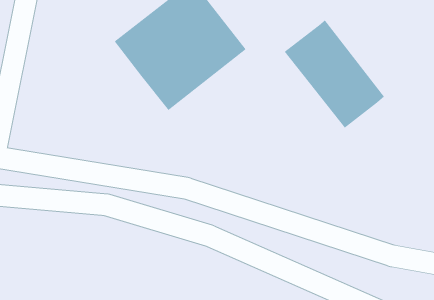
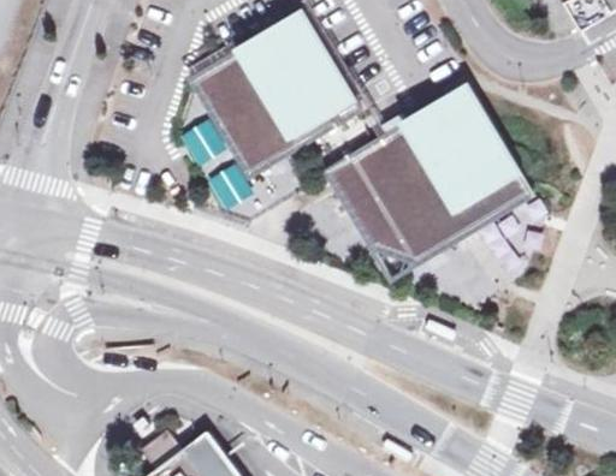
building: none -> [325,117,475,260]

